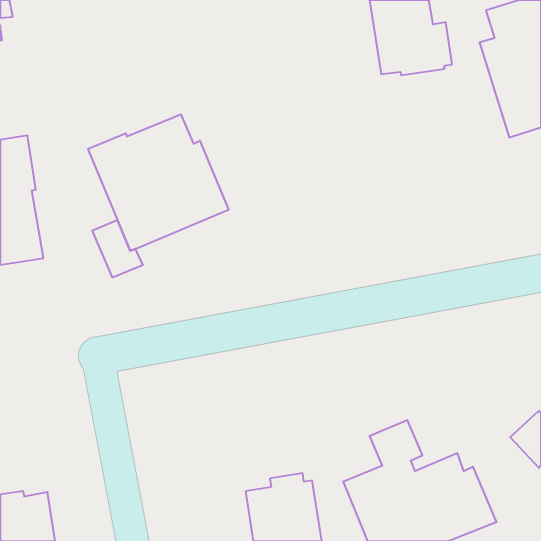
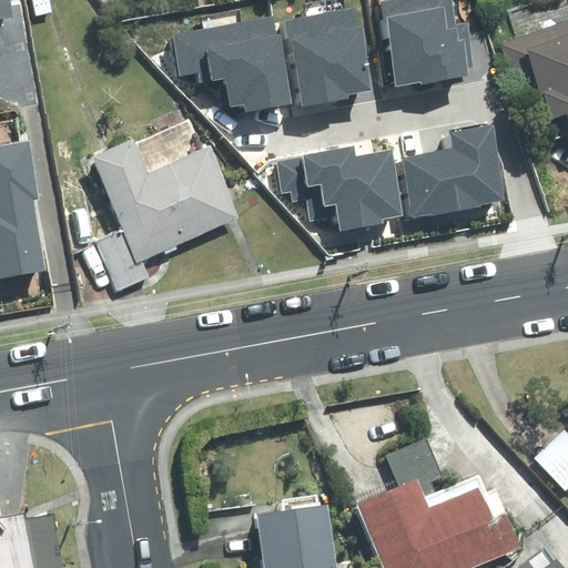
building: none -> [291,9,366,101]
building: none -> [172,18,284,108]
building: none -> [404,129,501,213]
building: none -> [277,148,399,231]

